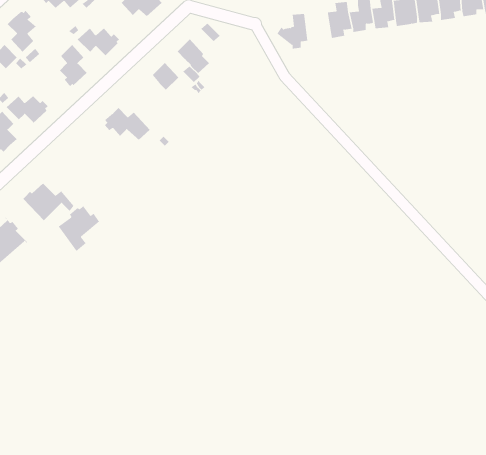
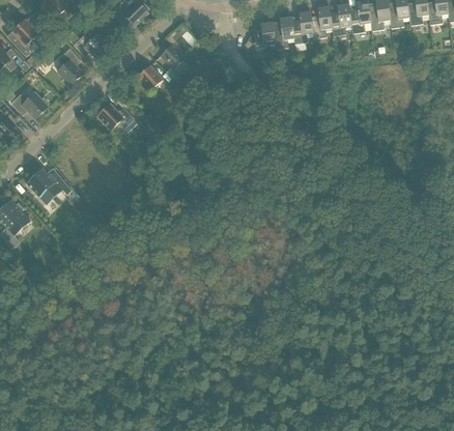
building: none -> [273,16,295,48]
building: [55,202,100,252] -> none

